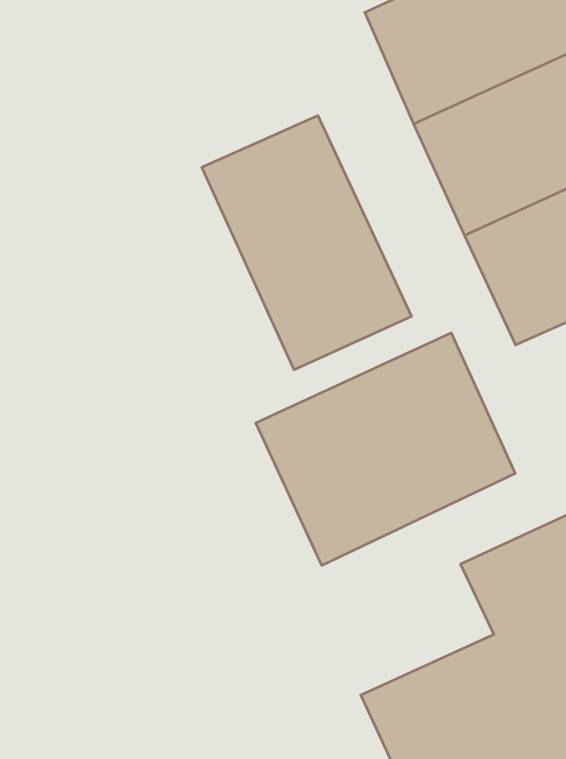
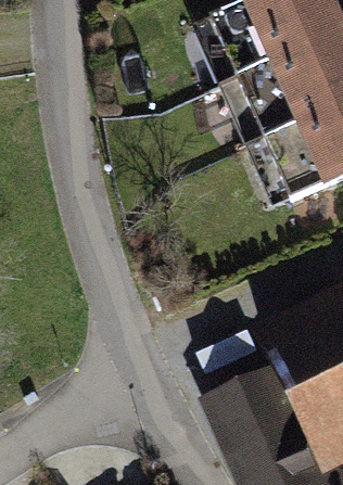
building: [202,116,411,370] -> none
building: [256,333,515,565] -> none

